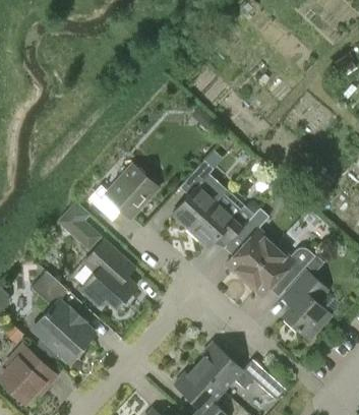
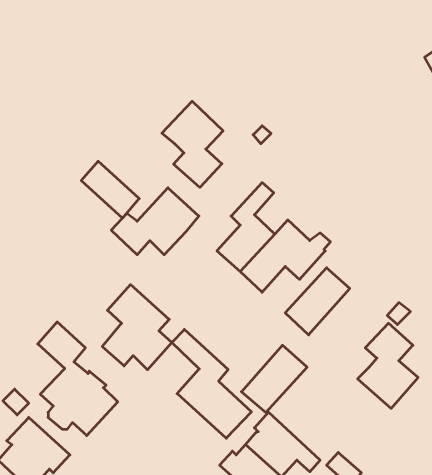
building: none -> [162,101,223,187]
building: [55,210,101,254] -> [81,161,139,218]
building: [244,244,296,297] -> [241,345,307,412]
building: none -> [172,329,251,438]

